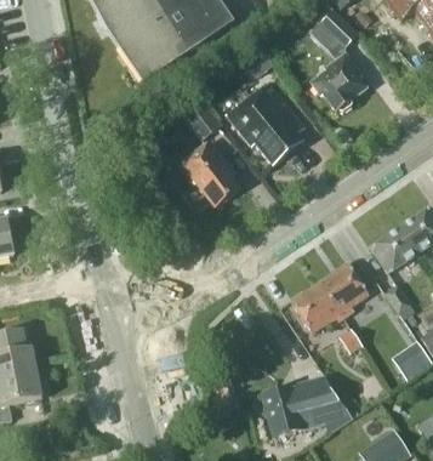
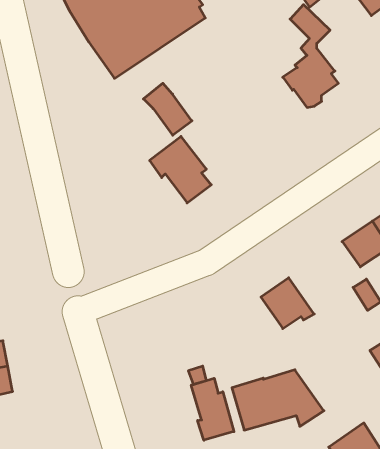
building: [227,81,304,164] -> none
building: [318,263,369,319] -> none
building: none -> [191,378,234,440]

